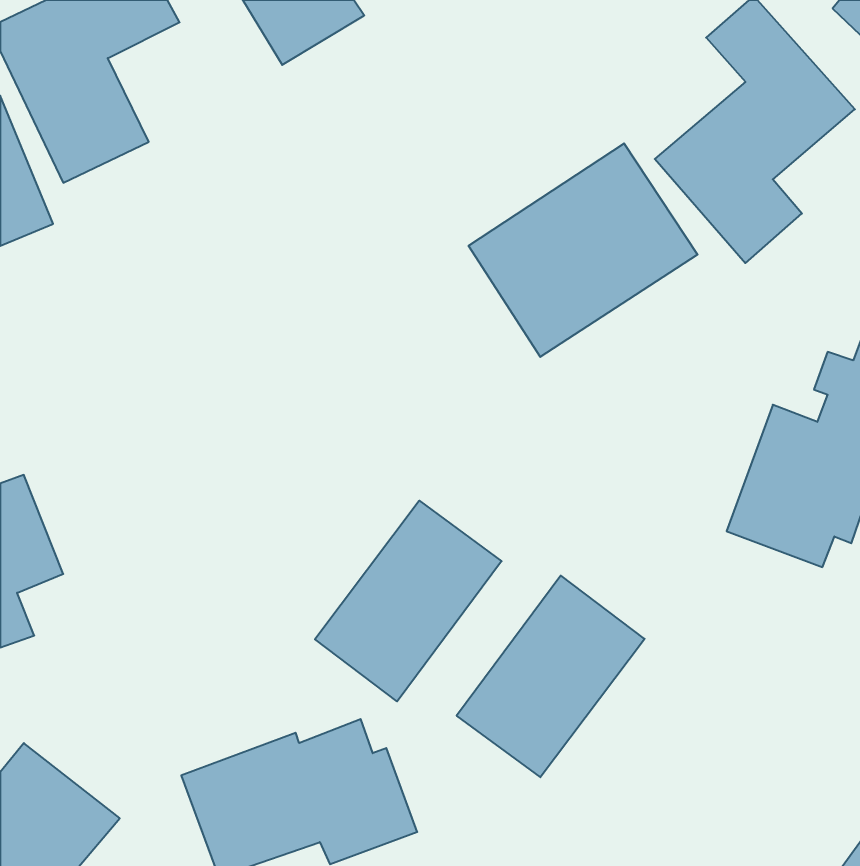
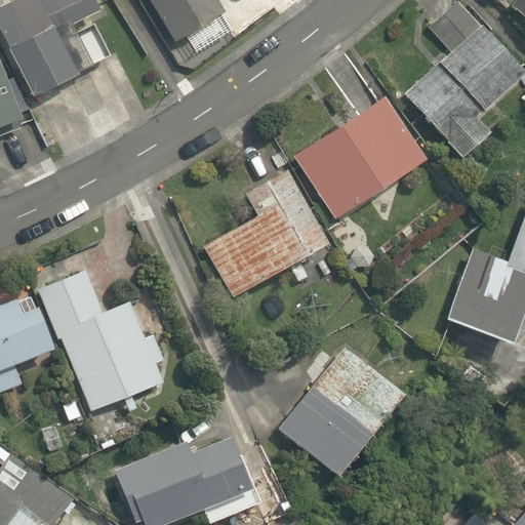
building: none -> [200,168,325,298]
building: none -> [38,271,170,414]
building: [315,501,502,701] -> none

